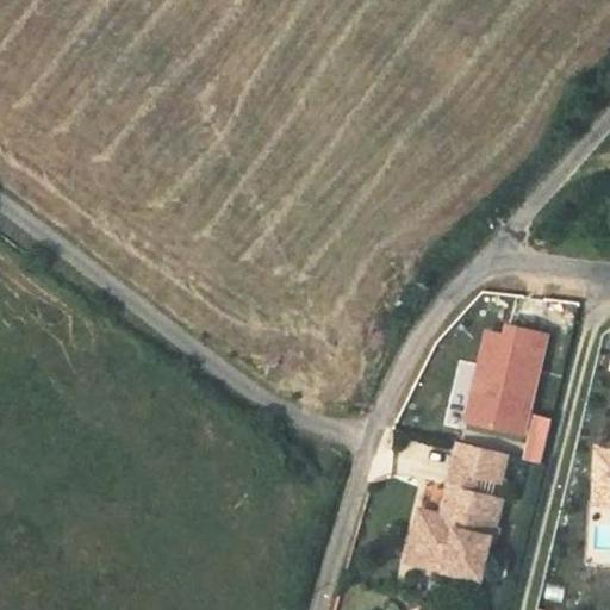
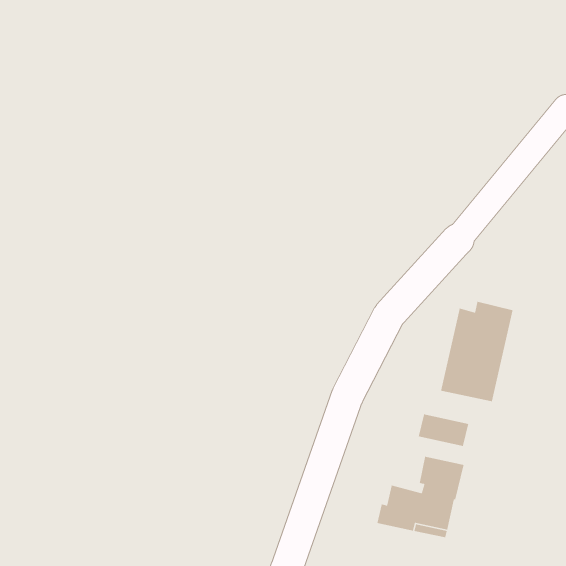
building: [407,471,496,543] -> none

